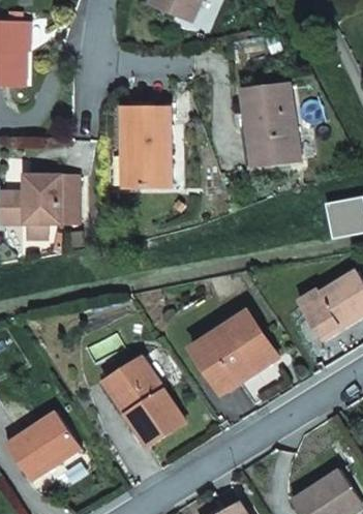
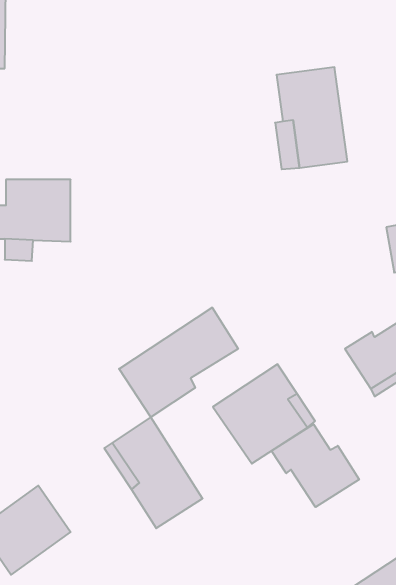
building: [119,102,167,182] -> none
building: none -> [119,307,238,417]
building: none -> [271,424,359,507]

